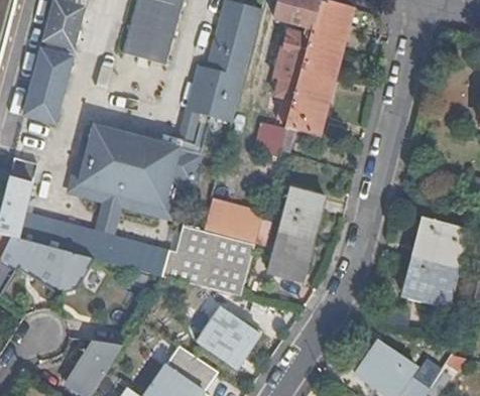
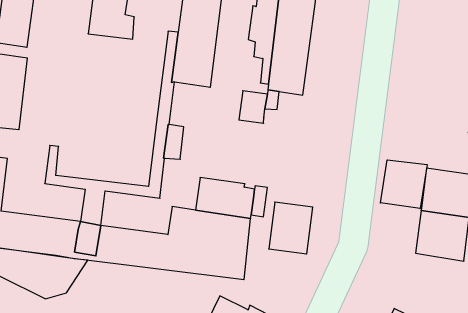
building: [81,121,179,201] -> none
building: [278,187,325,239] -> none
building: none -> [380,160,427,209]

